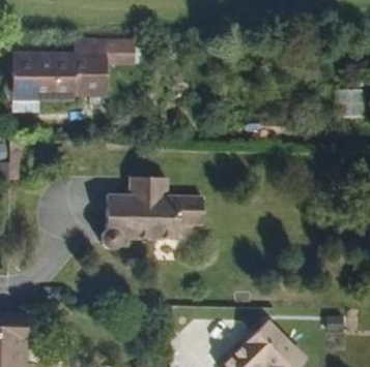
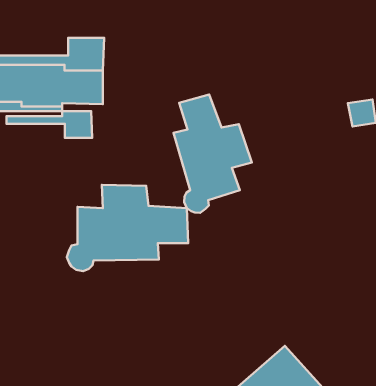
building: none -> [173,94,252,213]
building: none -> [7,111,92,138]

